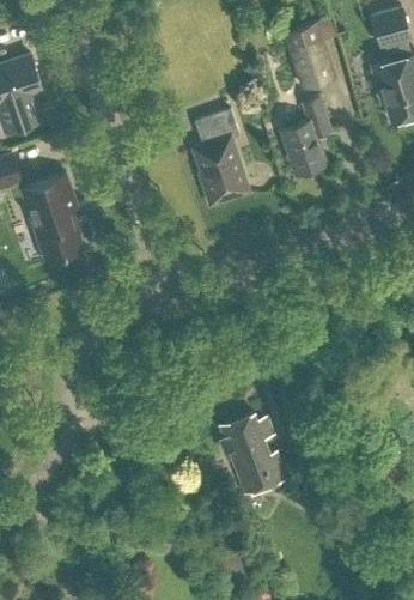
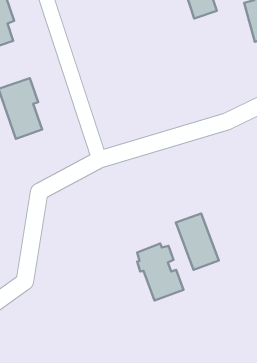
building: [280,98,330,176] -> none
building: [194,111,248,206] -> none
building: none -> [176,213,219,270]

